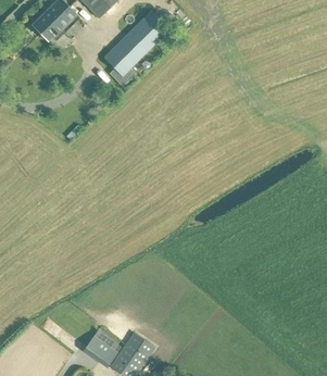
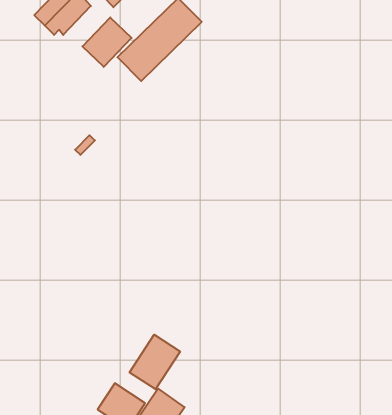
building: none -> [82,17,132,67]
building: none -> [130,335,180,389]

